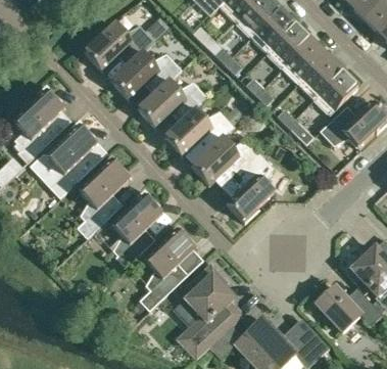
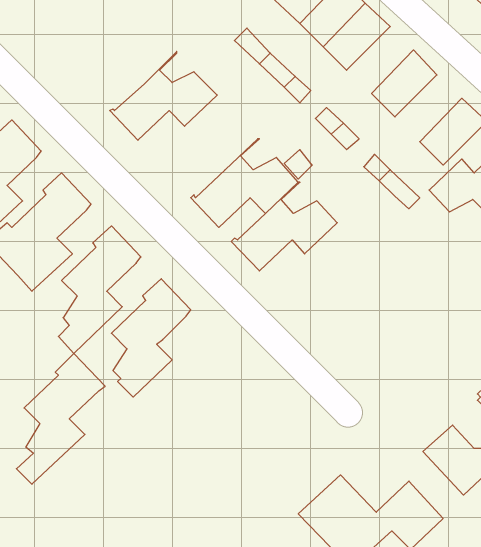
building: [83,25,154,72] -> none
building: [265,25,309,68] -> none
building: [297,56,341,100] -> none
building: [137,70,207,128] -> none
building: [226,153,274,223] -> none
building: [139,225,197,311] -> [16,354,105,484]
building: [175,265,237,360] -> none

